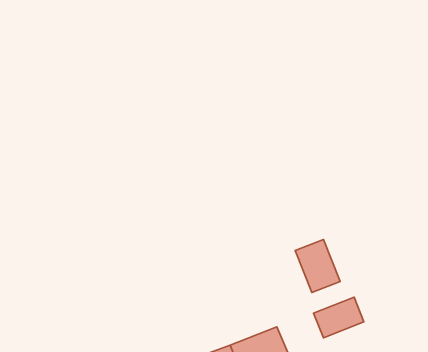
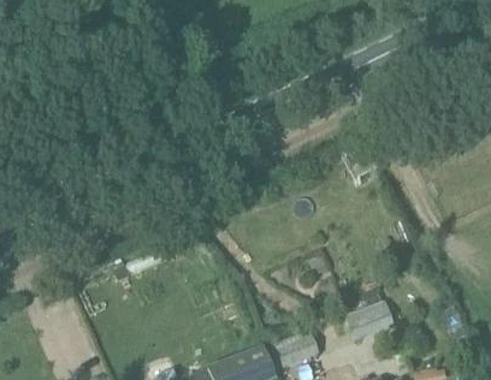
building: [295,239,340,293] -> none

